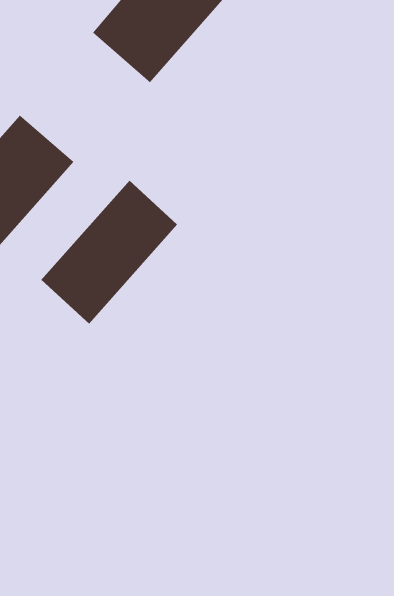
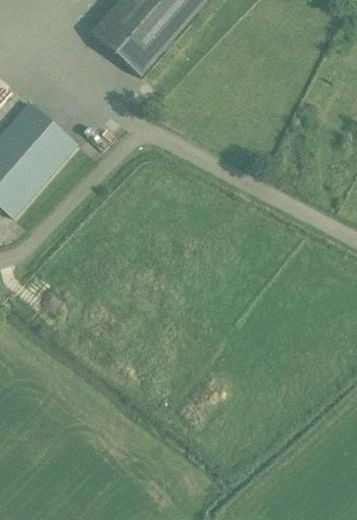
building: [41,180,178,324] -> none

